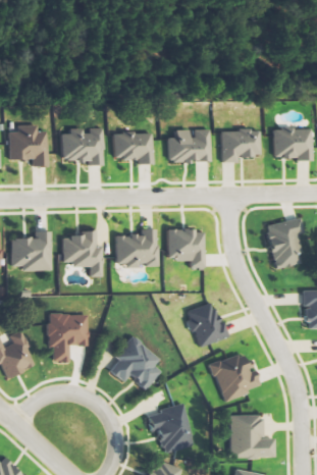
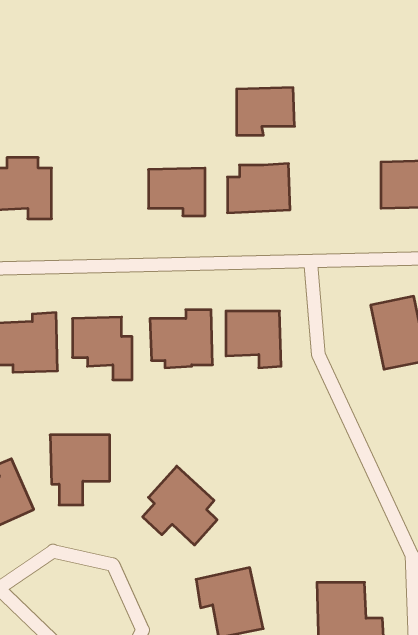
building: [60,128,104,165] -> none
building: [220,129,260,162] -> [237,88,295,135]
building: [184,302,225,348] -> none
building: [209,353,260,401] -> none

